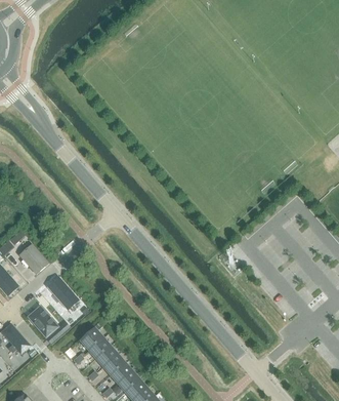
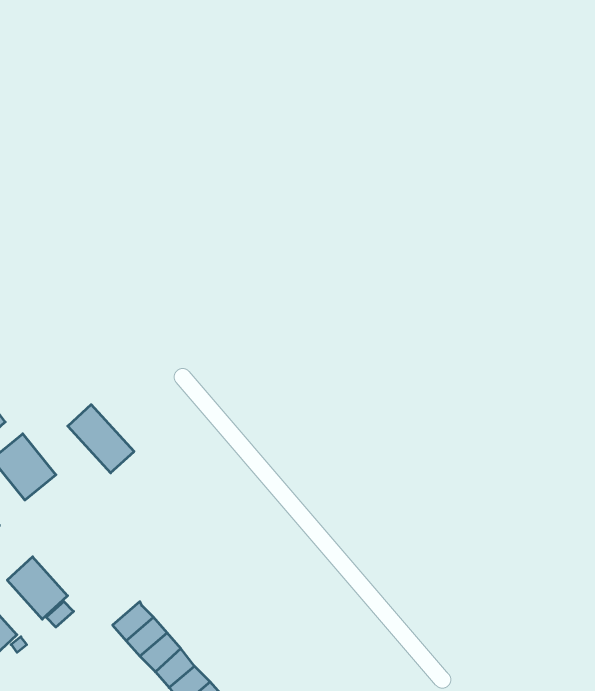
building: [47,276,82,312] -> [68,405,134,473]

